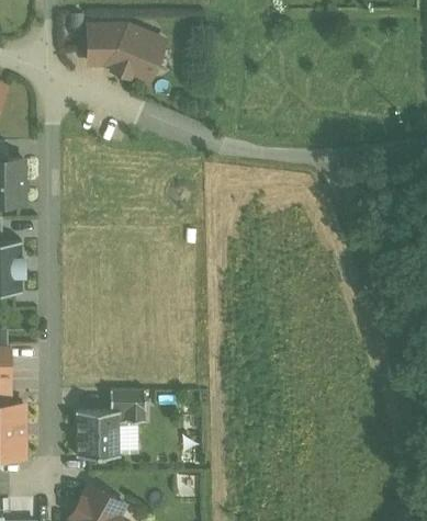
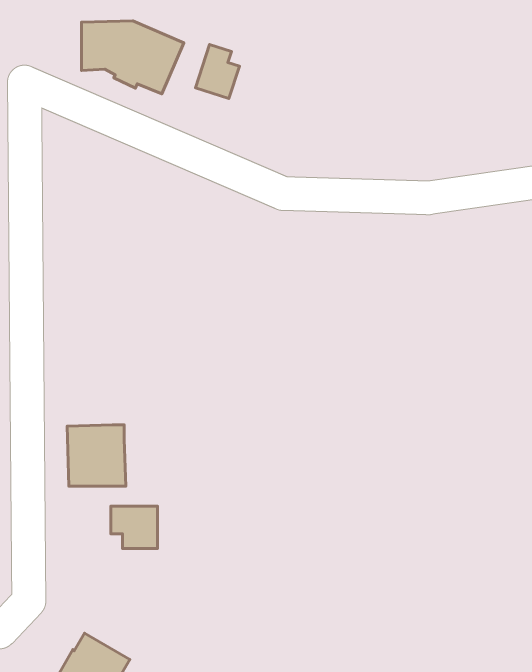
building: none -> [195,44,239,99]
building: [76,410,120,456] -> [67,425,126,486]

